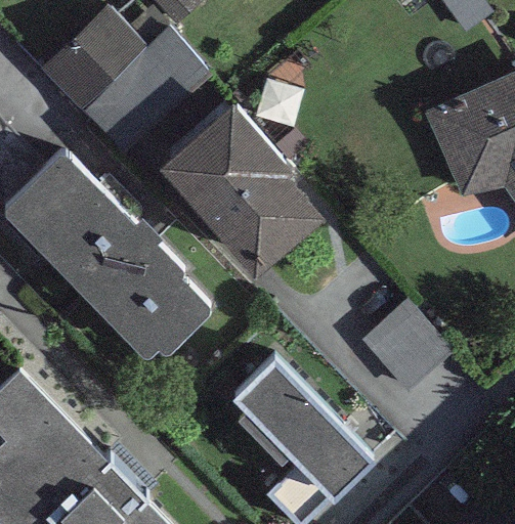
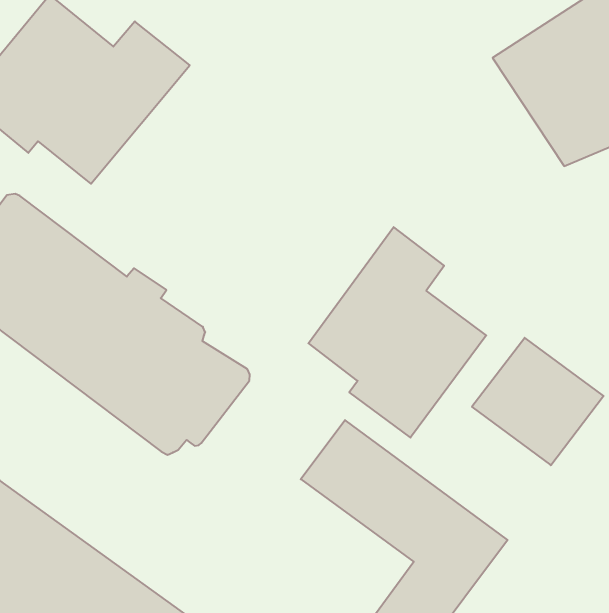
building: [158,97,327,271] -> none
building: none -> [308,227,486,438]

